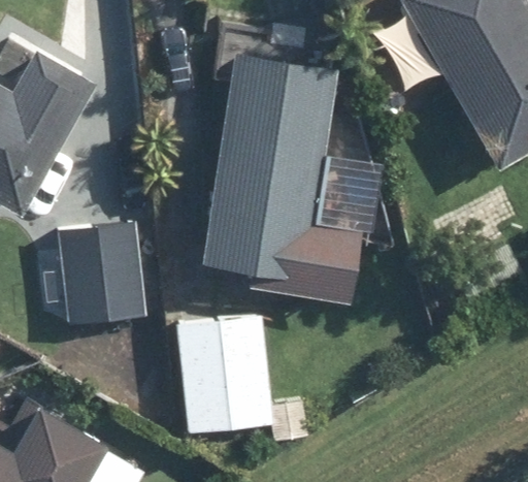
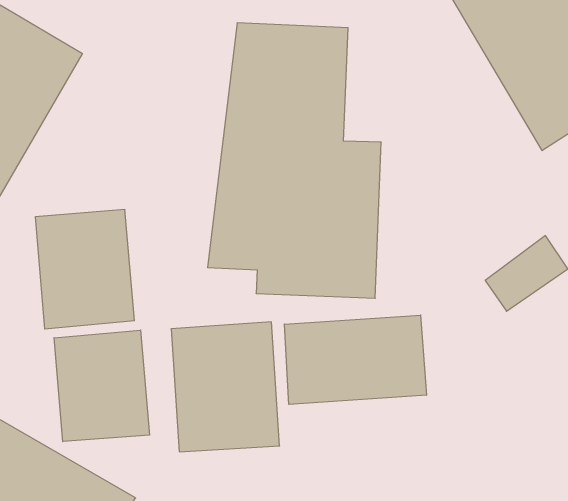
building: none -> [284,315,426,404]
building: none -> [54,330,149,442]

